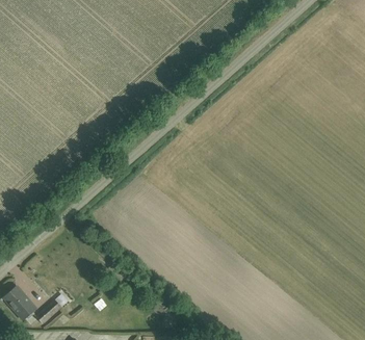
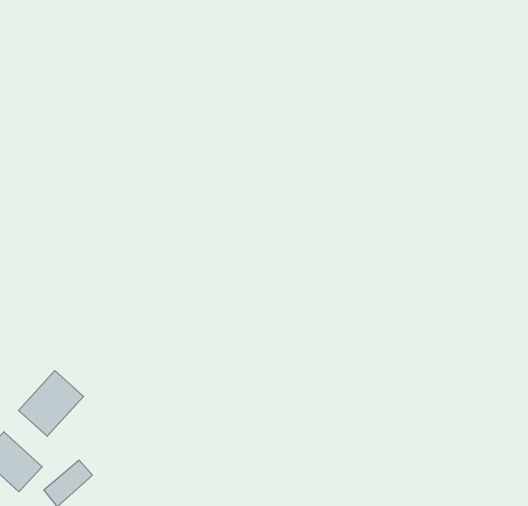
building: none -> [18,371,84,436]

